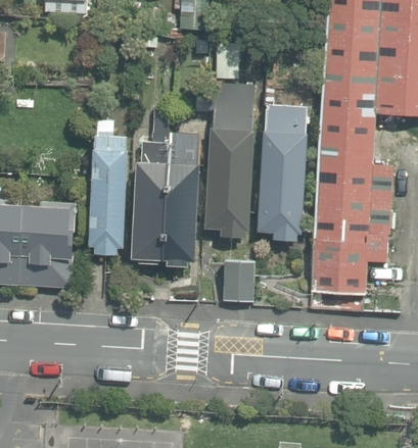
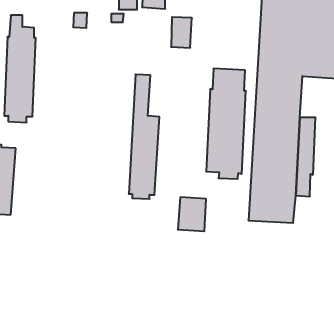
building: [204,84,256,238] -> none
building: [132,111,171,262] -> none
building: [90,121,129,253] -> [4,15,36,122]
building: [17,200,76,288] -> none

